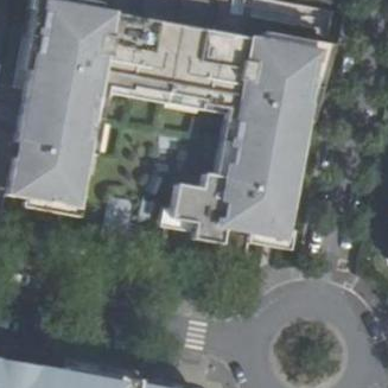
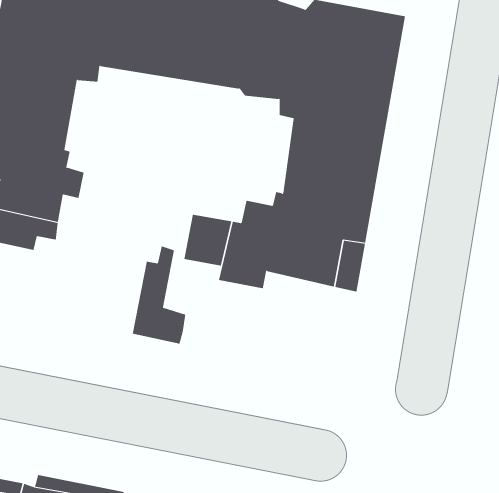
building: none -> [132,245,186,344]

